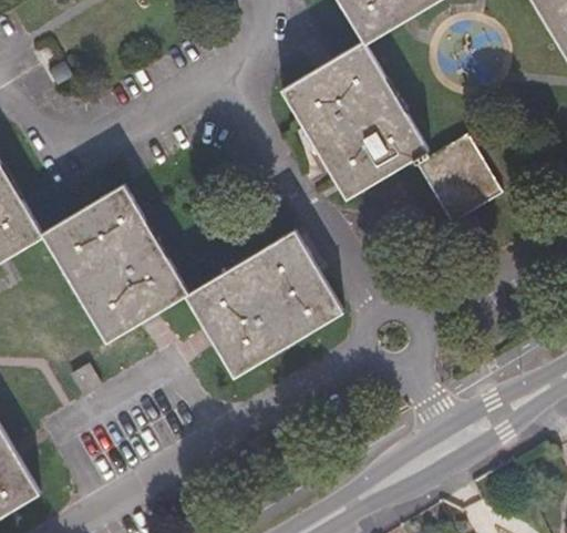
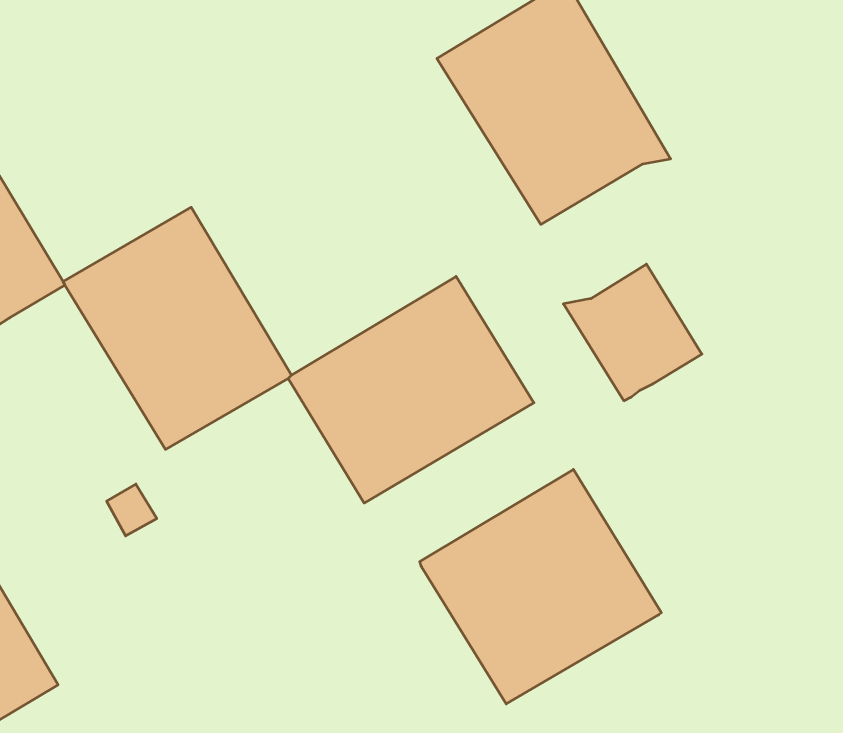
building: [413,133,502,221] -> [563,264,702,401]
building: none -> [420,469,661,704]

